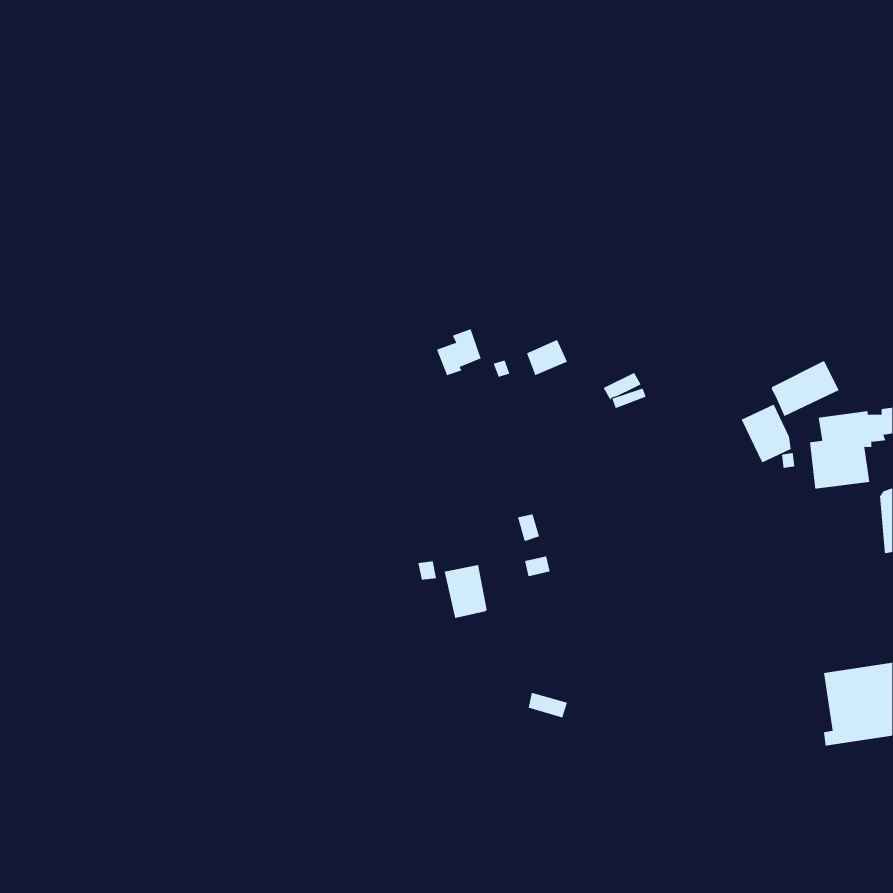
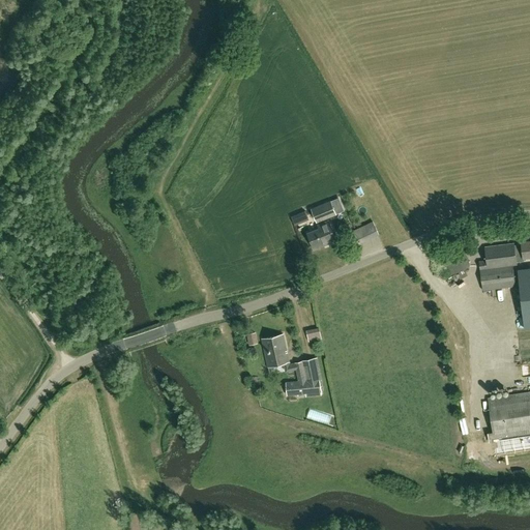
building: [436,329,482,376] -> [308,220,335,248]
building: [771,360,840,417] -> none
building: none -> [283,358,322,395]

